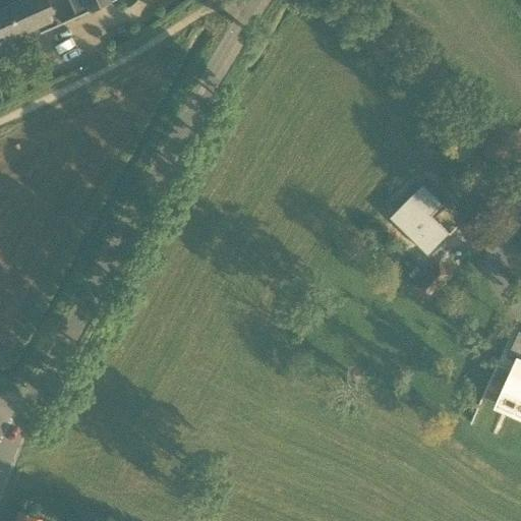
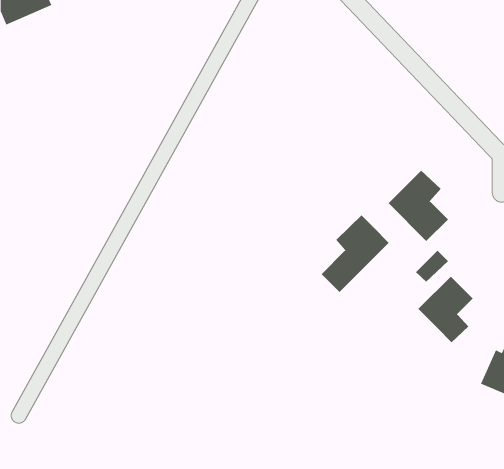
building: none -> [321,215,390,293]
building: none -> [417,276,473,343]

